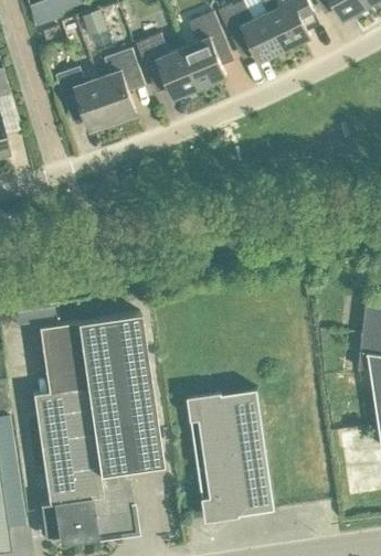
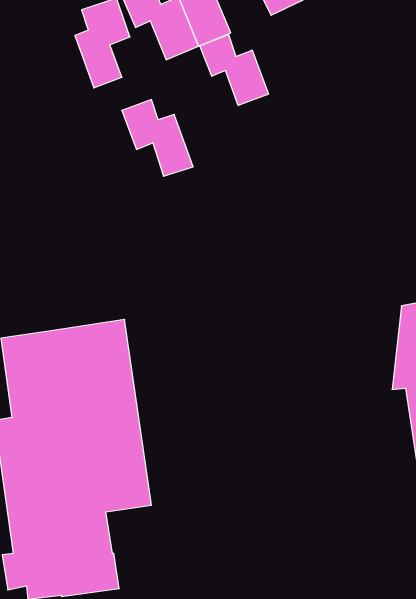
building: [55,67,114,130] -> [122,100,193,176]
building: none -> [200,34,269,105]
building: [189,388,275,518] -> none

